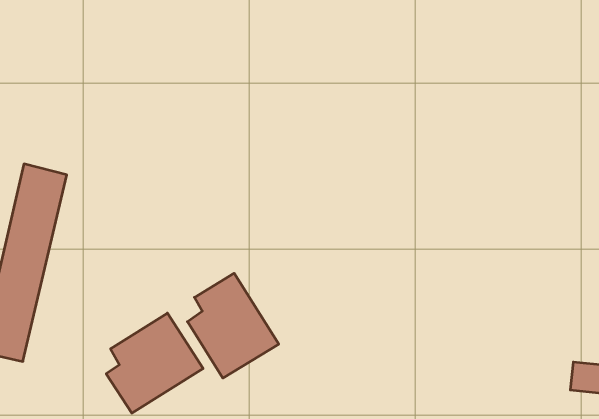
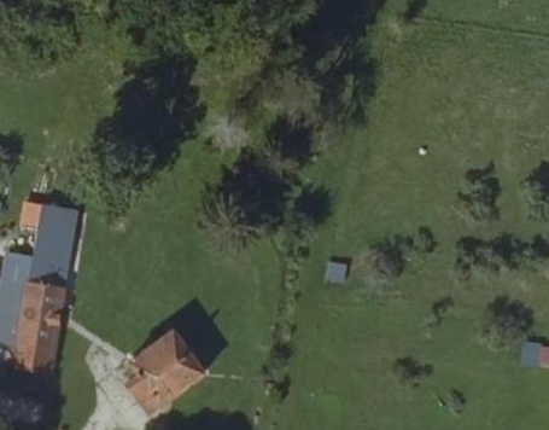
building: [187,273,279,378] -> none

